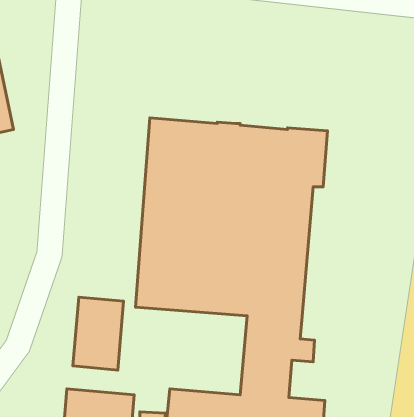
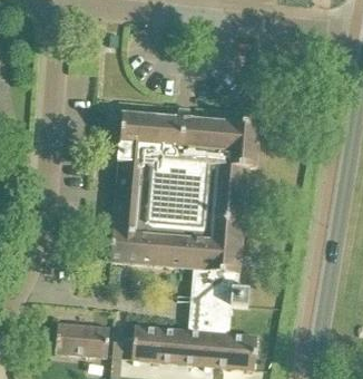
building: [73,297,124,370] -> none

